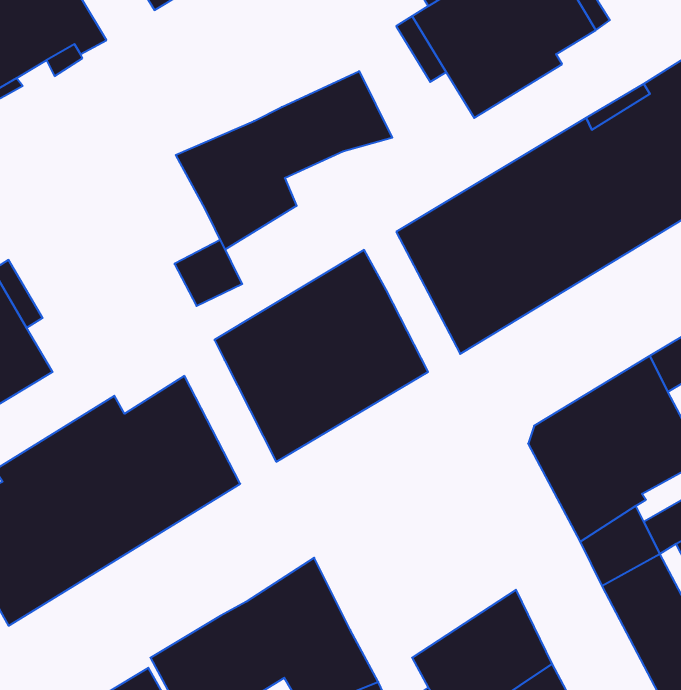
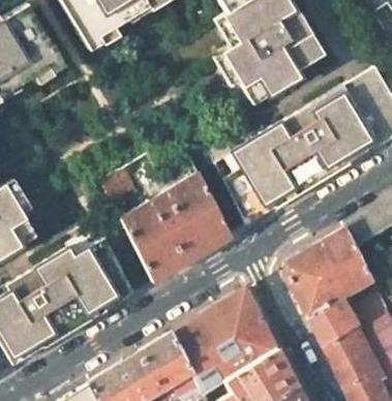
building: [176,71,392,249] -> none
building: none -> [172,287,276,395]

